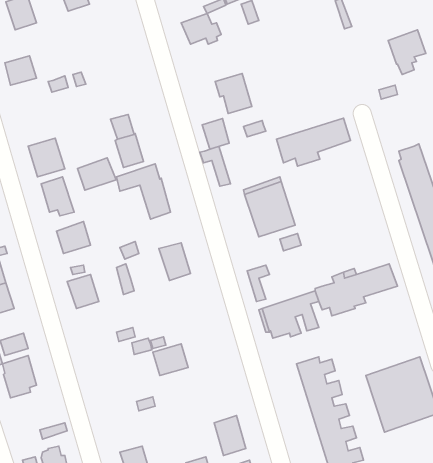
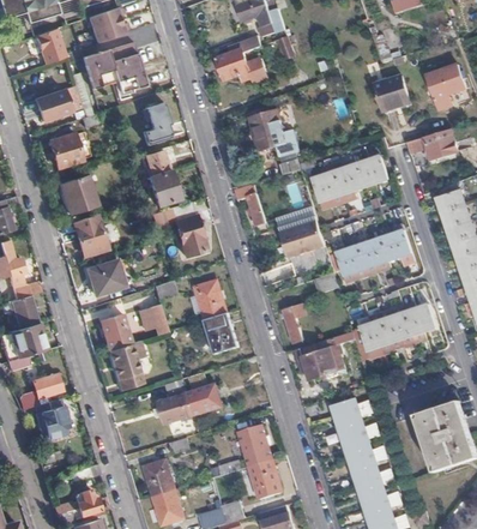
building: none -> [77,42,140,92]
building: none -> [374,76,410,110]
building: none -> [140,102,170,144]
building: none -> [406,128,457,160]
building: none -> [48,133,84,168]
building: [202,118,229,149] -> none
building: [78,158,116,190] -> none
building: none -> [336,224,412,279]
building: none -> [203,313,235,354]
building: none -> [108,339,144,390]
building: none -> [155,393,193,426]
building: none -> [237,426,271,465]
building: none -> [144,459,175,495]

